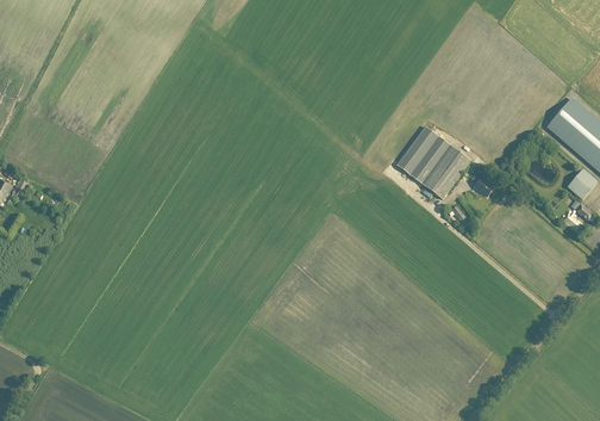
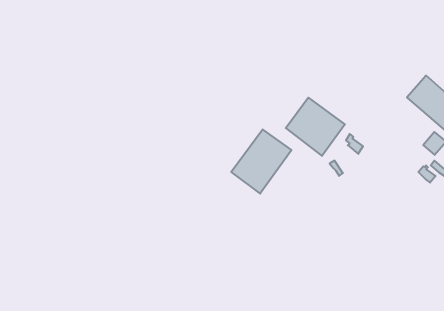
building: none -> [231,129,291,194]

